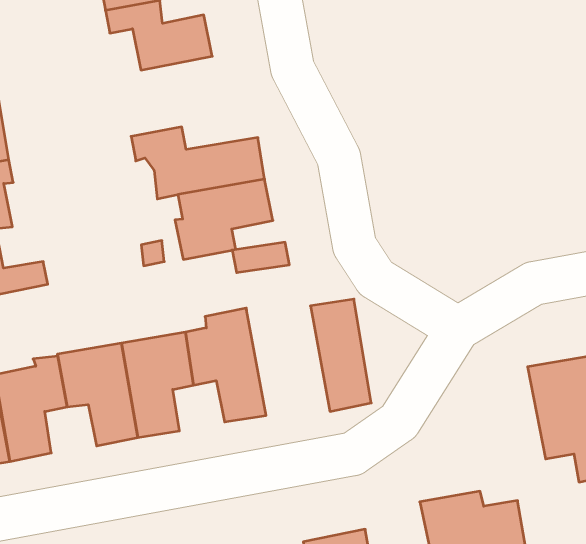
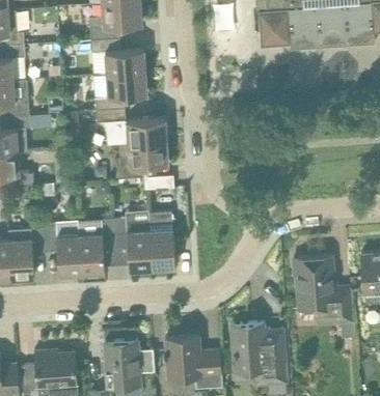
building: none -> [94,72,146,110]
building: [310,299,371,411] -> [148,209,175,268]

